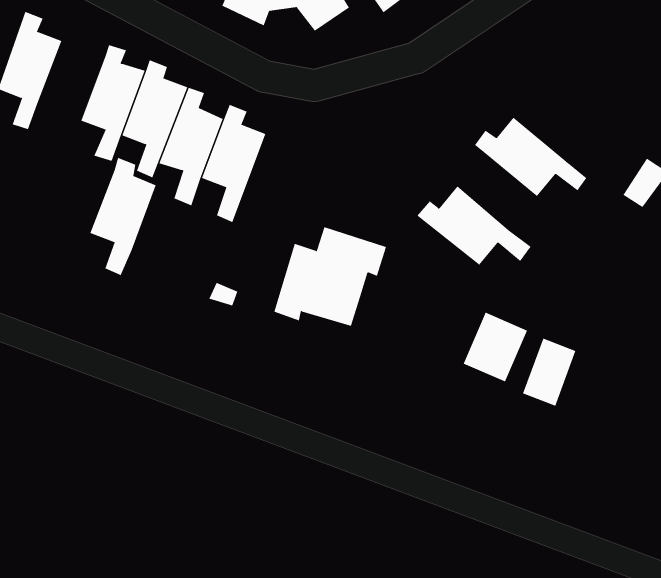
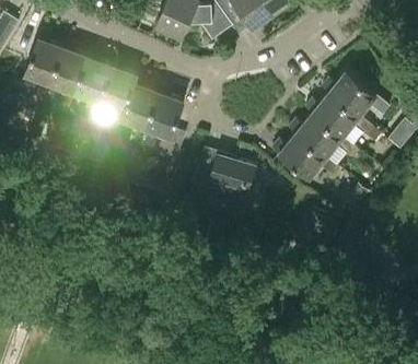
building: none -> [323,70,390,117]
building: none -> [289,111,355,157]
building: [90,157,156,276] -> [48,38,88,108]

